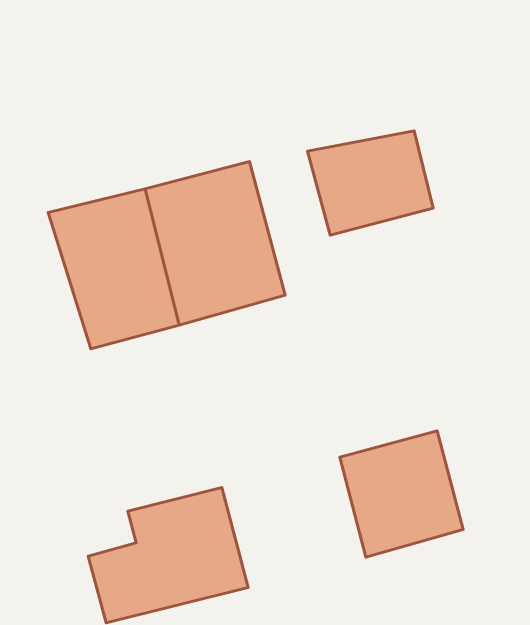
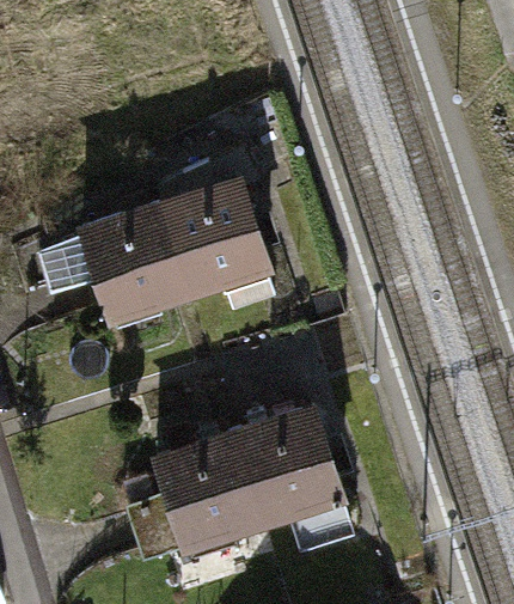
building: [308,131,433,235] -> none
building: [340,431,463,557] -> [231,413,337,521]

